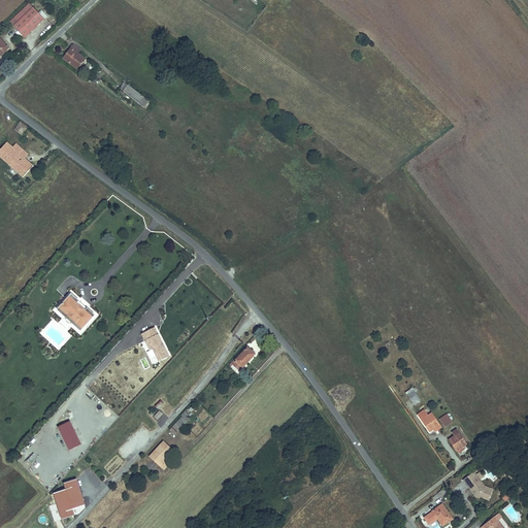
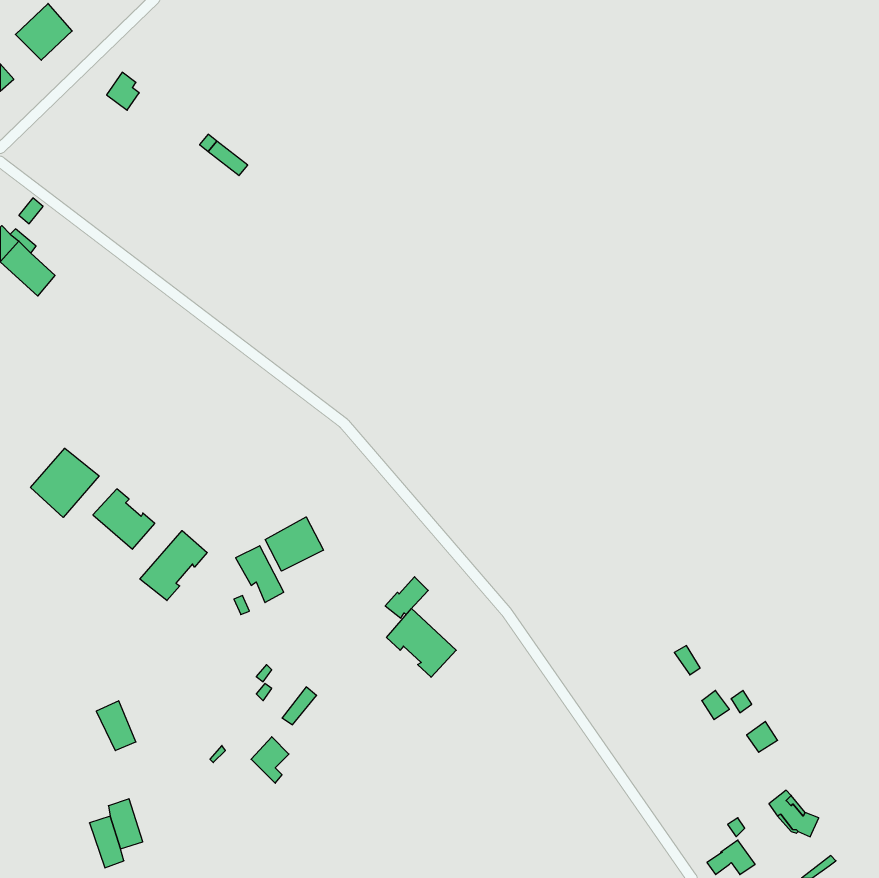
building: none -> [31,448,99,517]
building: none -> [265,517,323,571]
building: none -> [140,531,207,601]
building: none -> [387,609,456,677]

